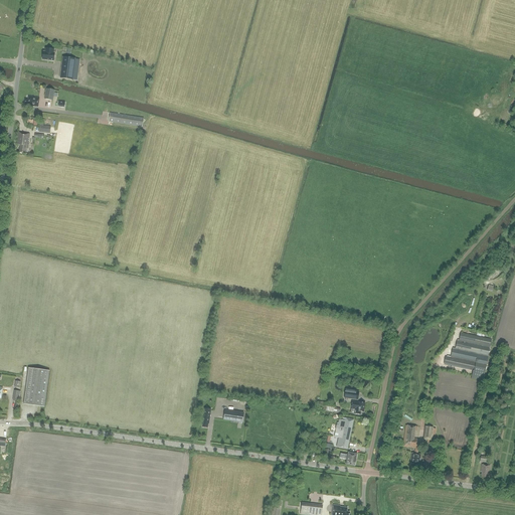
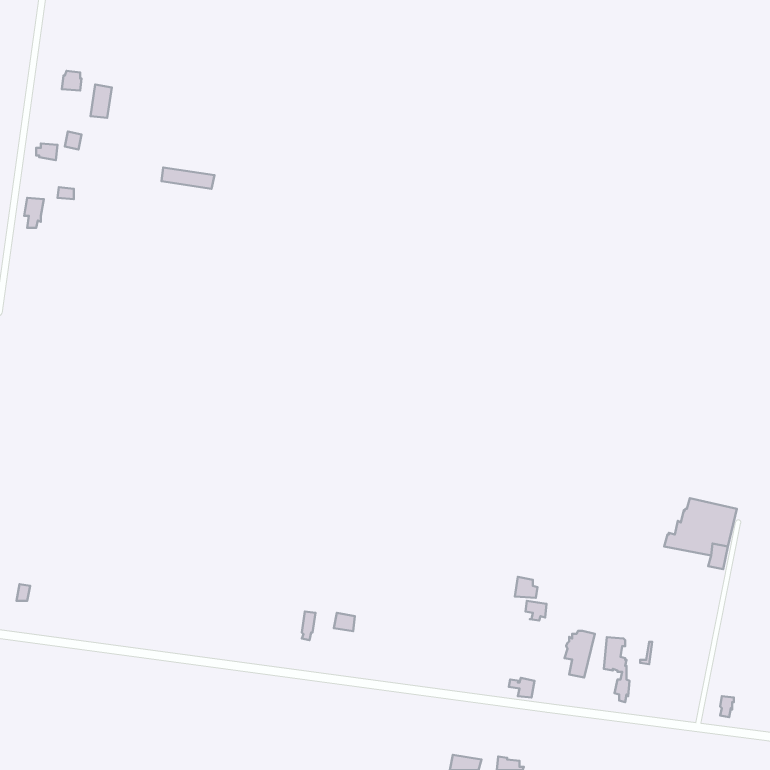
building: [22,367,48,406] -> none
building: [333,417,353,449] -> [565,631,595,678]

